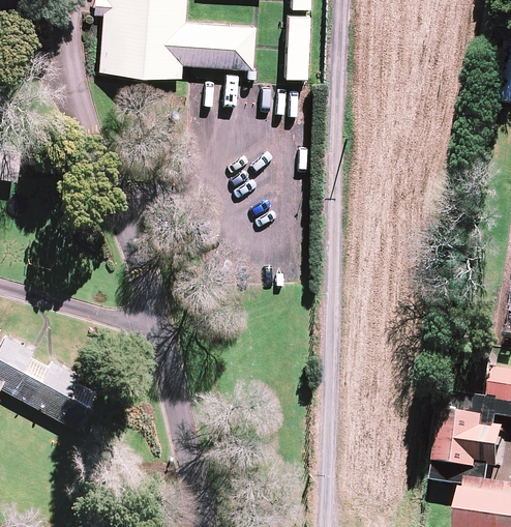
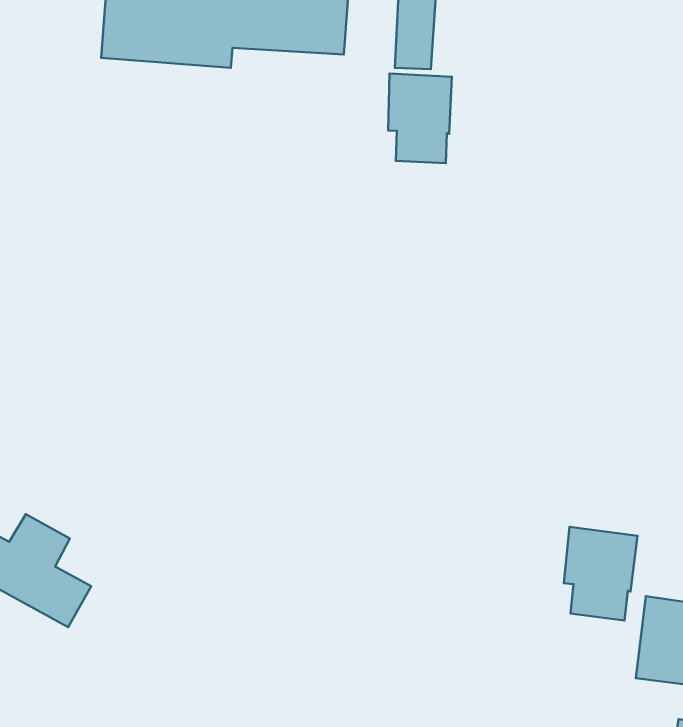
building: none -> [388,73,452,163]
building: none -> [564,527,637,620]

